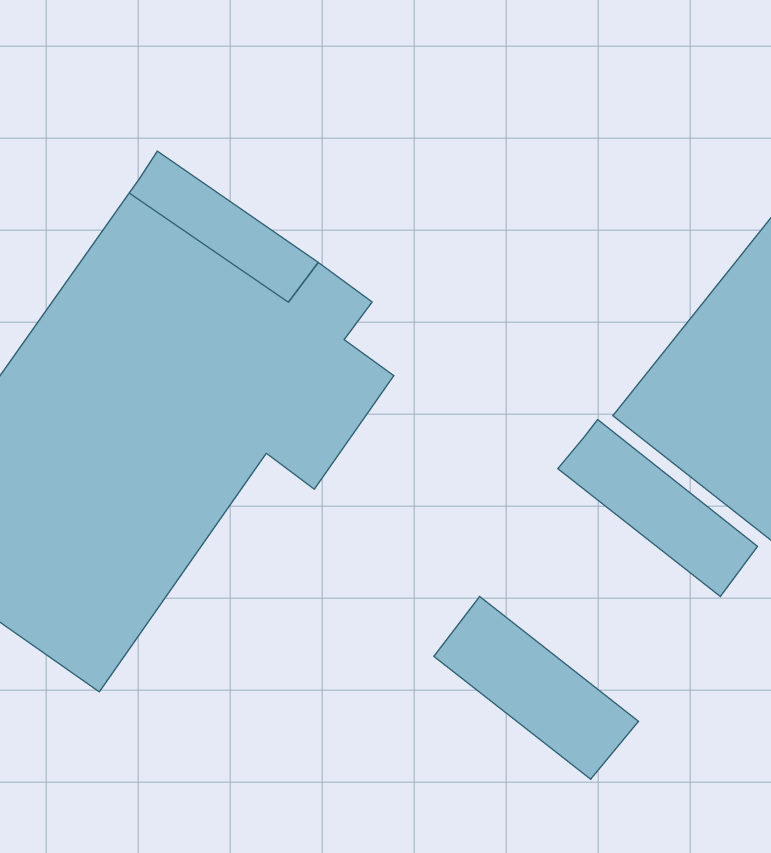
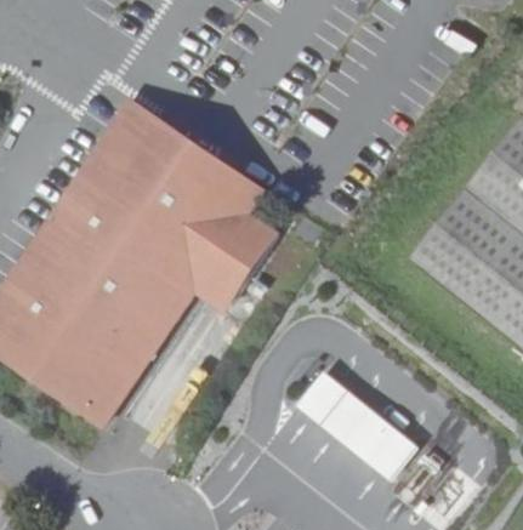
building: [558,420,757,597] -> none

